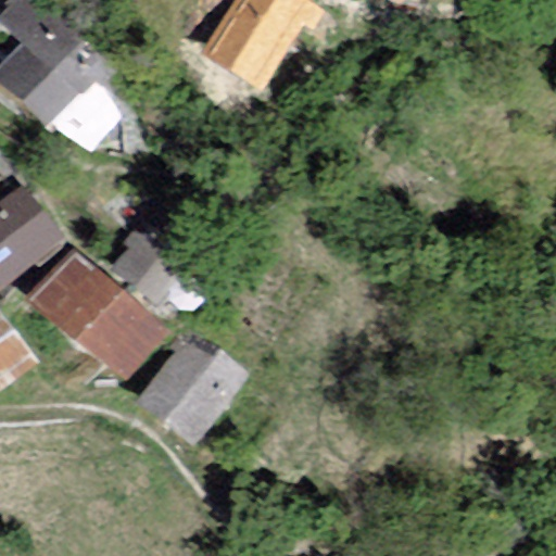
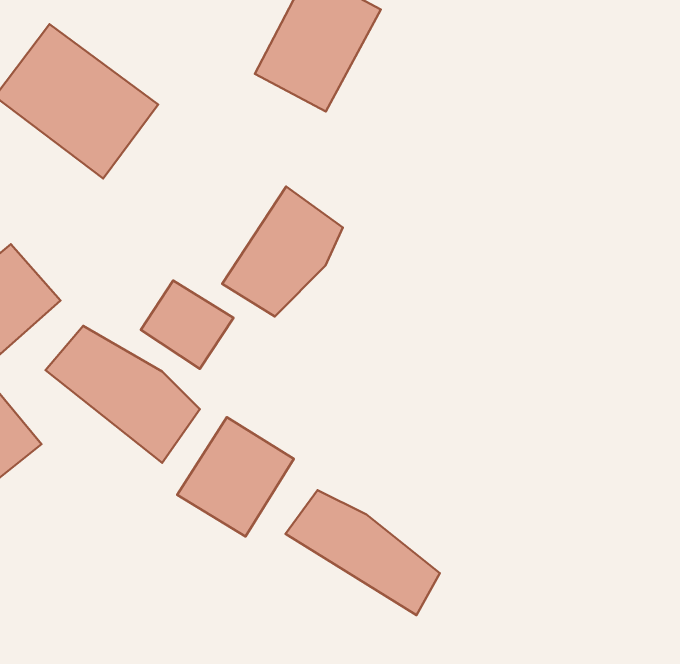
building: none -> [222,186,343,317]
building: none -> [286,490,440,615]

